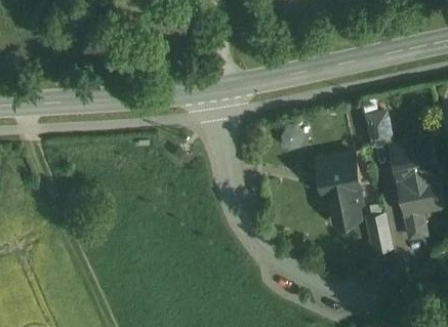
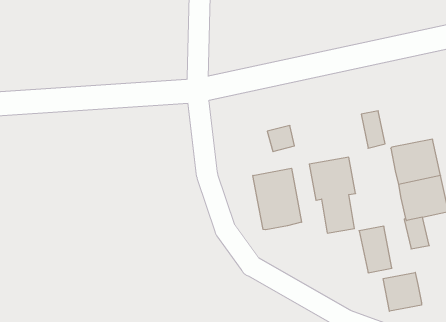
building: none -> [253,168,302,230]
building: none -> [383,272,421,311]

